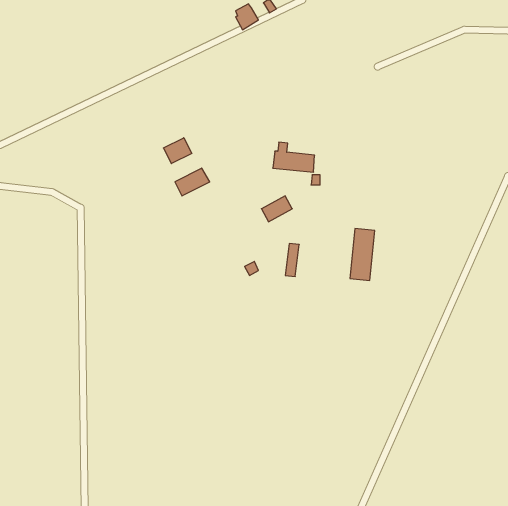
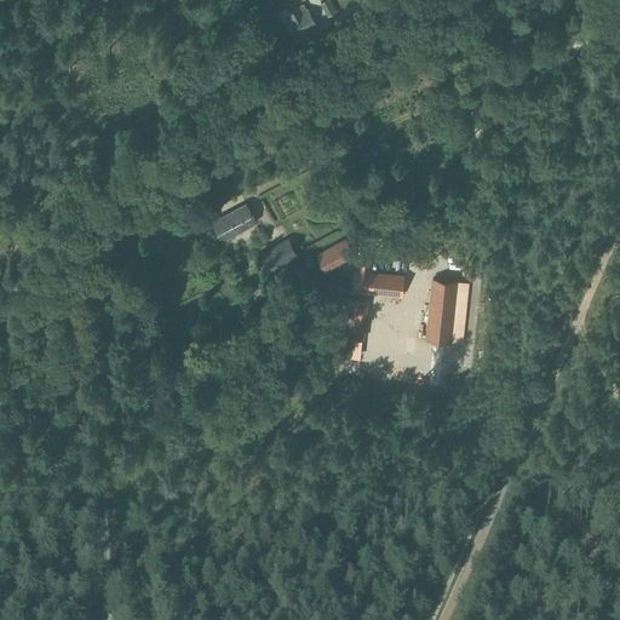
building: [163,138,192,164] -> none
building: [273,142,315,172] -> [352,262,403,298]
building: none -> [263,239,300,274]

